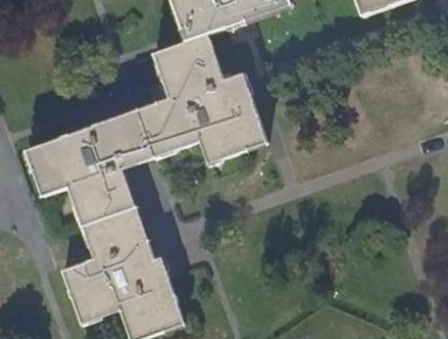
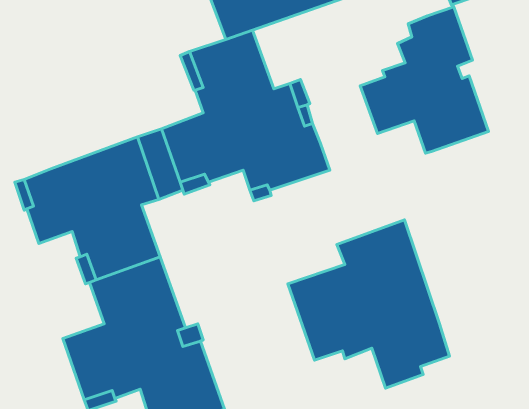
building: none -> [360,7,488,153]
building: none -> [288,220,450,388]

